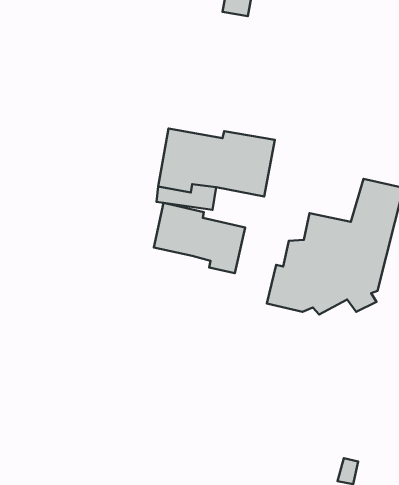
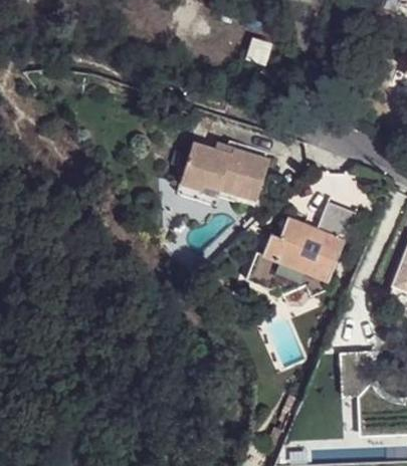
building: [154,203,245,273] -> none

